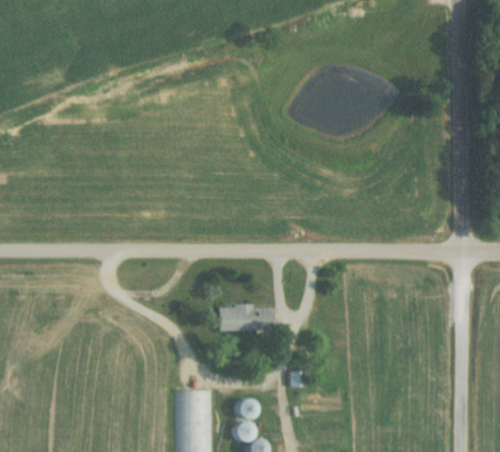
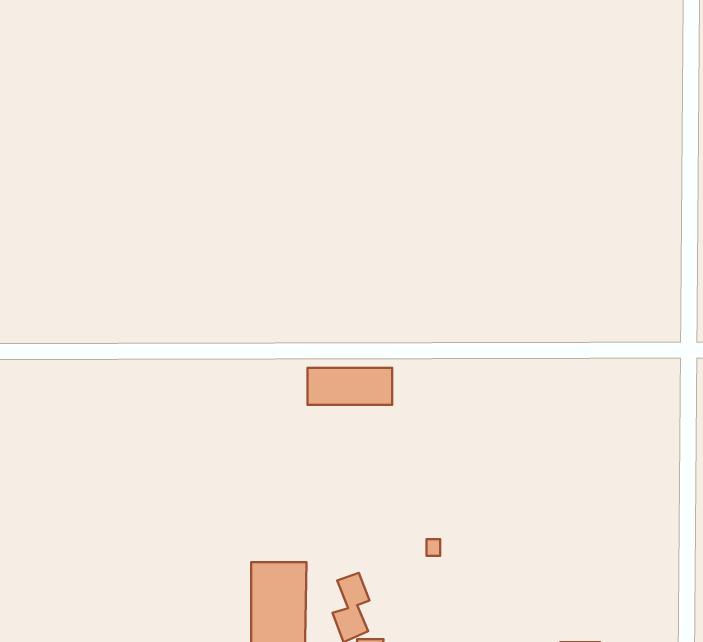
building: [216,307,272,331] -> [308,368,392,405]

